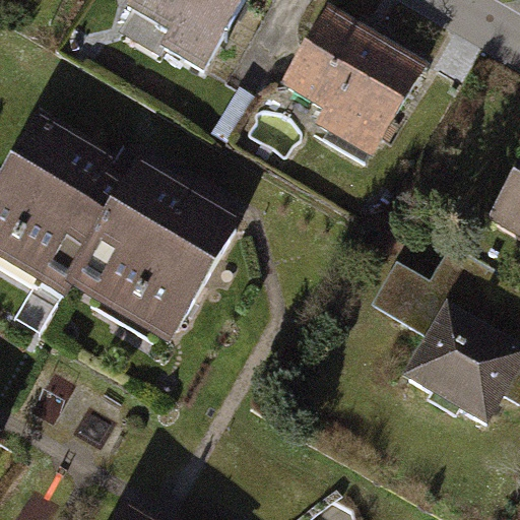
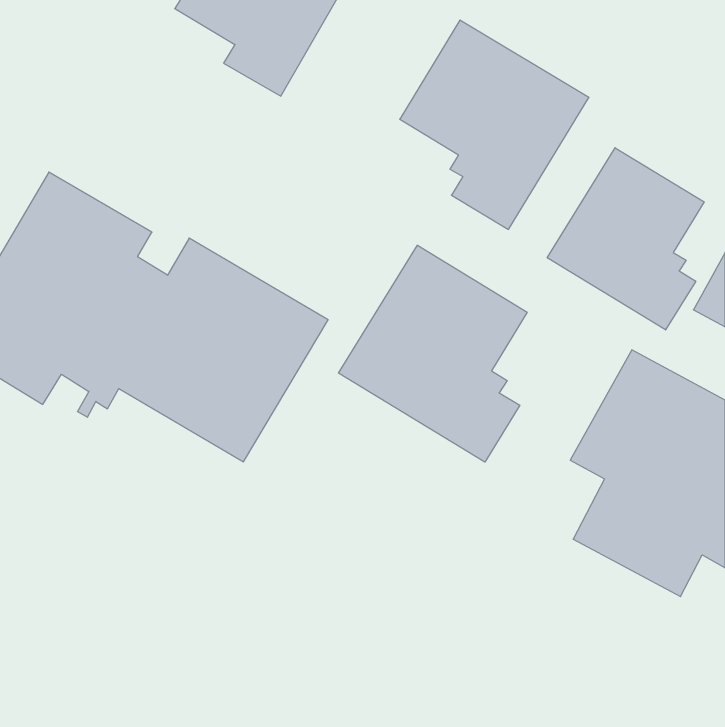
building: none -> [547,148,704,330]
building: none -> [338,245,527,462]

